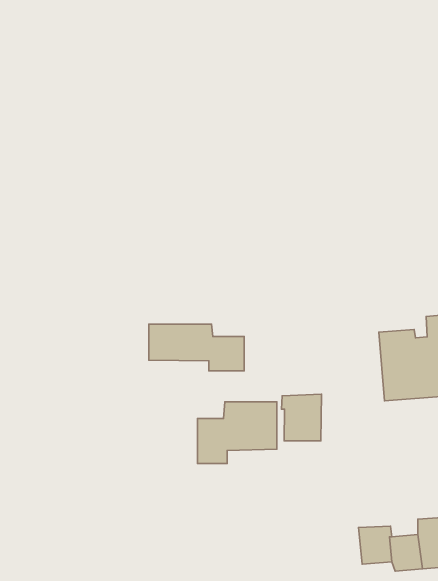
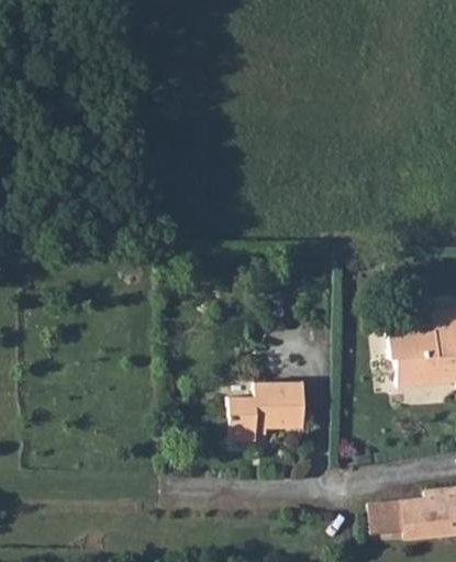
building: [149,324,244,371] -> none
building: [282,394,322,441] -> none

